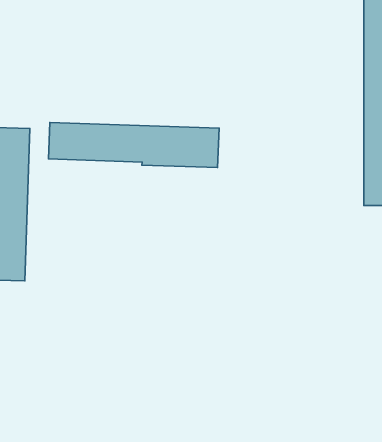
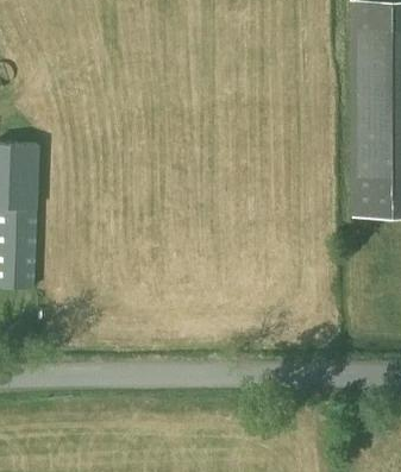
building: [48,123,219,167] -> none

